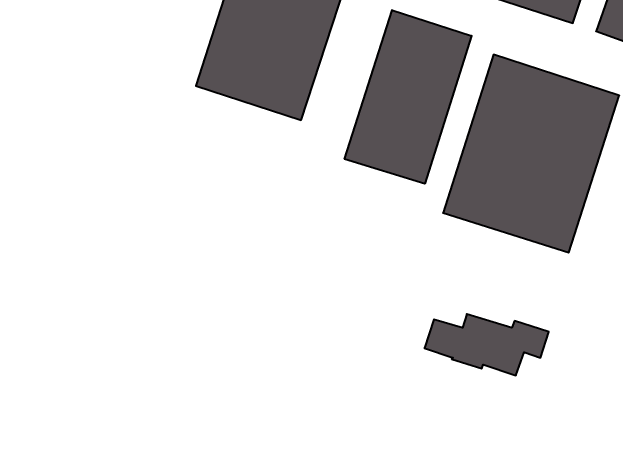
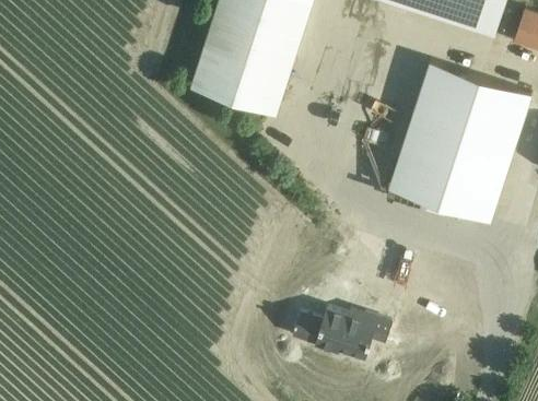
building: [345,10,472,184] -> none
building: [424,314,549,375] -> [292,310,391,359]

